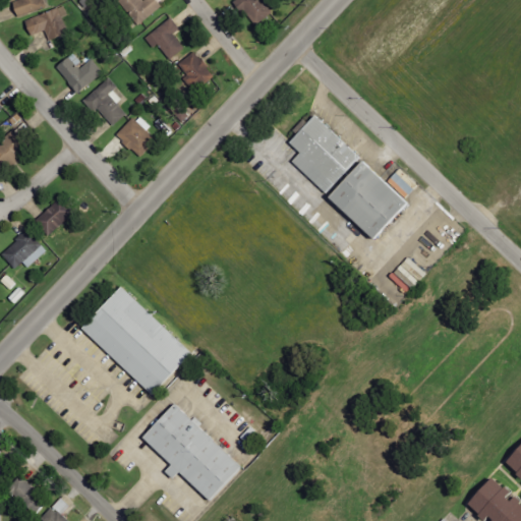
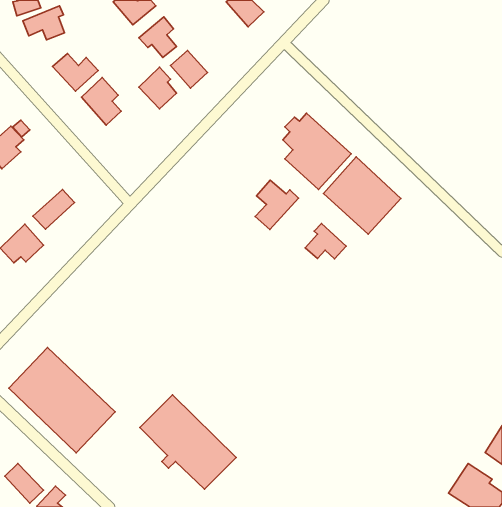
building: [115,115,154,158] -> [139,67,176,109]
building: none -> [255,180,299,230]
building: none -> [305,223,346,259]
building: [83,288,192,396] -> [9,348,115,453]

